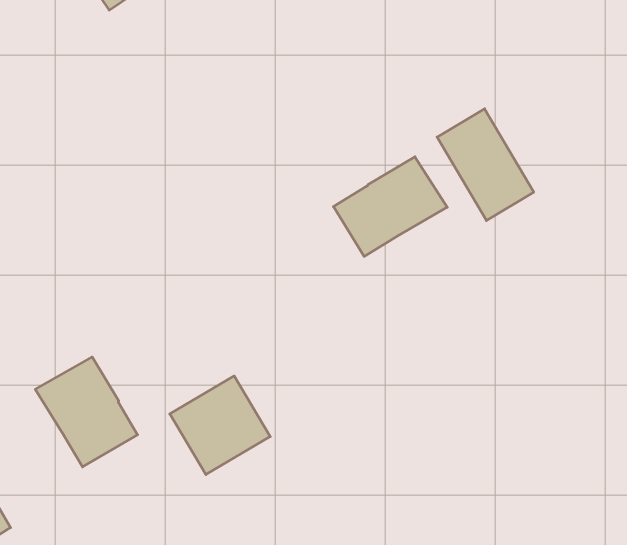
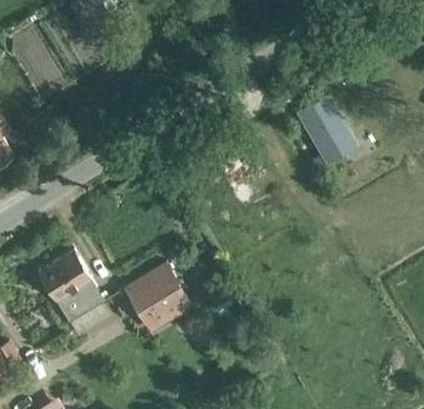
building: [333,157,447,256] -> none

